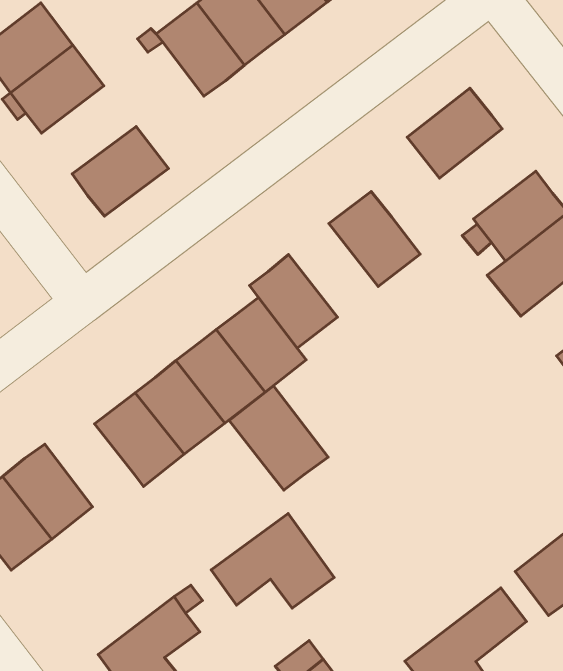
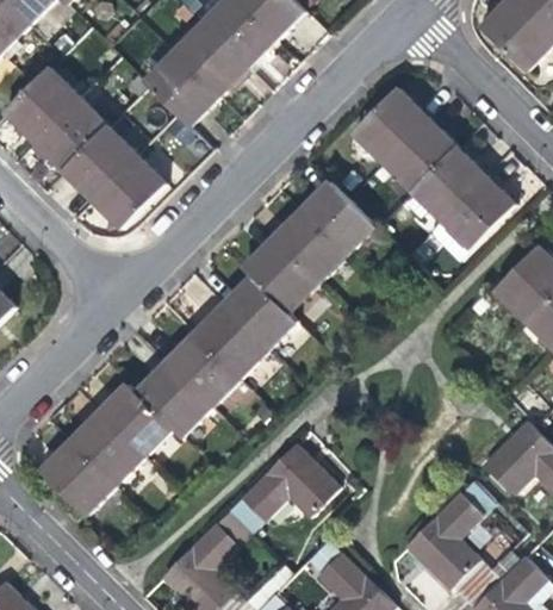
building: none -> [63,125,137,198]
building: none -> [381,117,456,191]
building: none -> [271,210,344,282]
building: [229,386,328,490] -> none
building: none -> [99,384,173,458]

